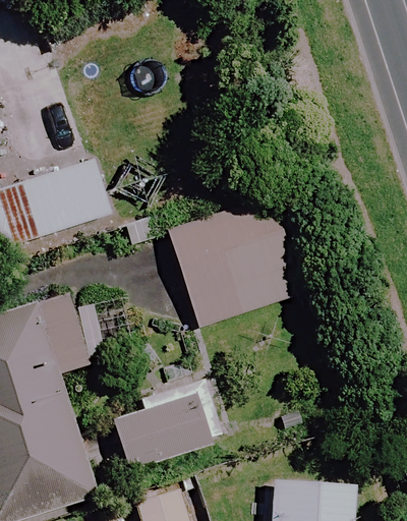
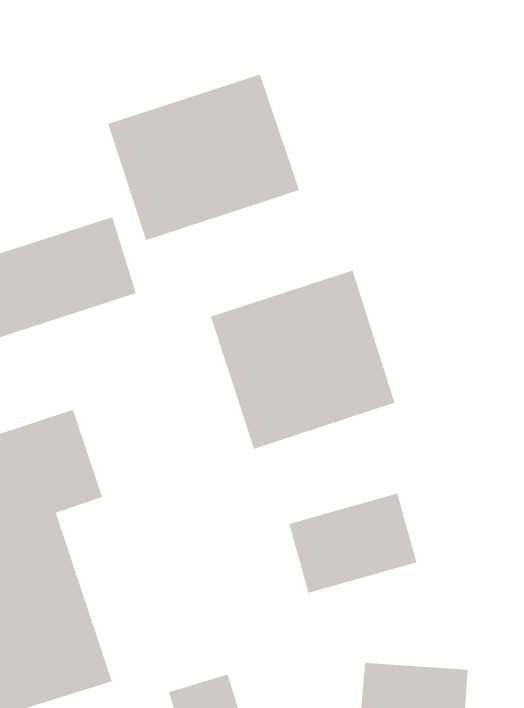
building: none -> [107,73,300,241]
building: [116,396,210,469] -> [288,493,417,594]

